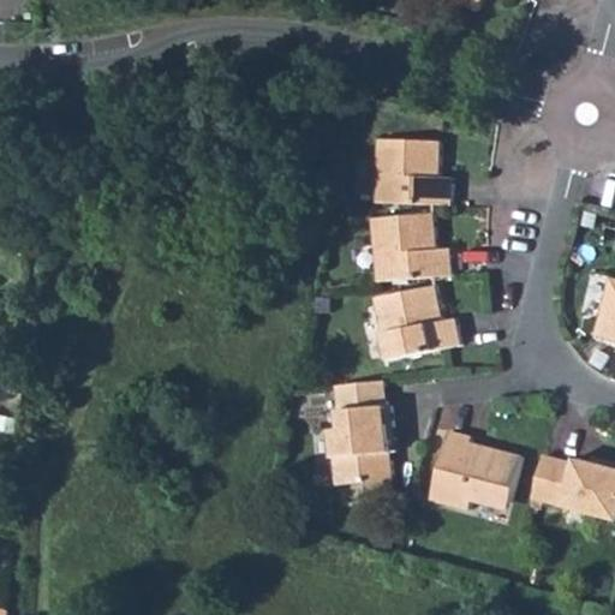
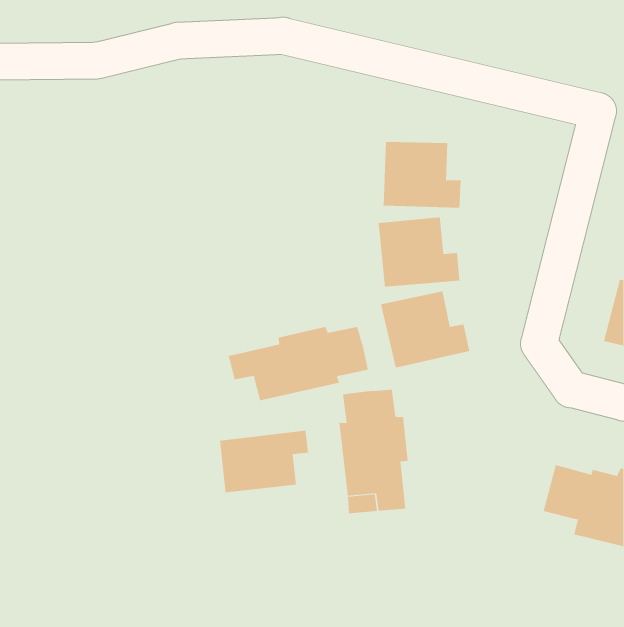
building: none -> [228,326,368,401]
building: none -> [219,430,309,493]
building: [431,434,520,513] -> none

